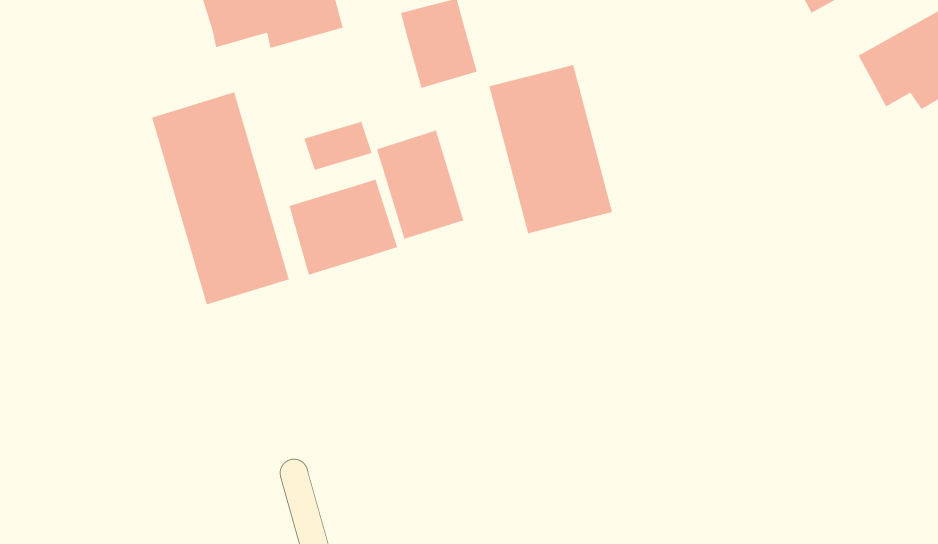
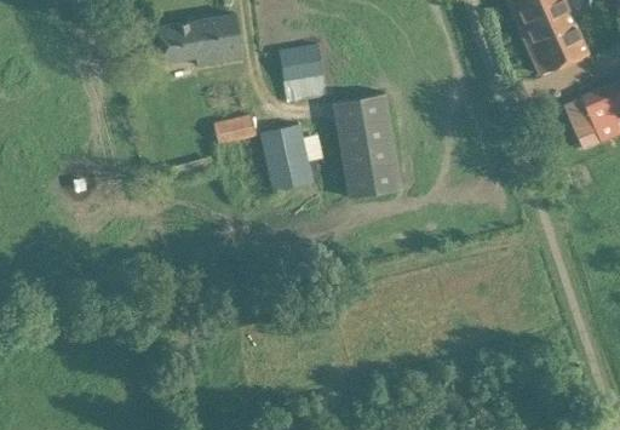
building: [152,92,289,305] -> none
building: [289,179,398,275] -> none

